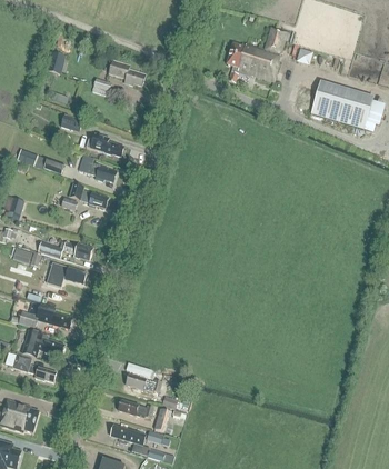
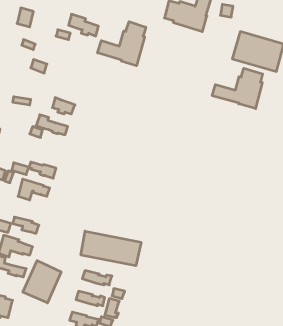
building: none -> [98,22,146,66]
building: none -> [212,68,263,109]
building: [84,133,122,156] -> none
building: none -> [81,231,141,266]
building: none -> [23,261,61,303]

